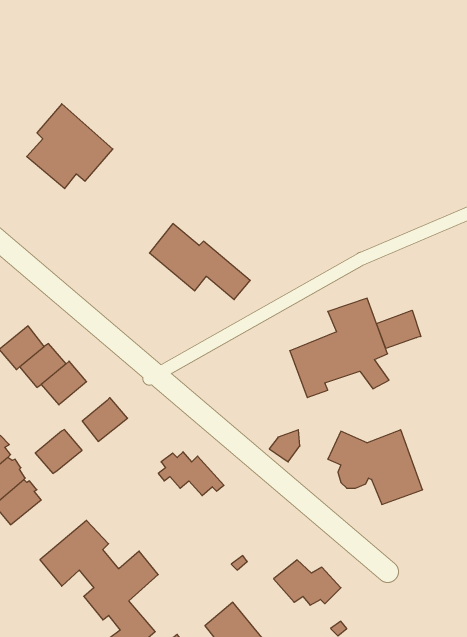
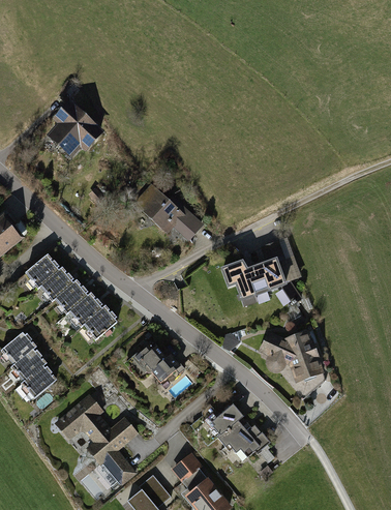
building: [376,310,421,348] -> none
building: [35,430,82,473] -> [68,295,101,326]
building: none -> [209,396,250,436]

